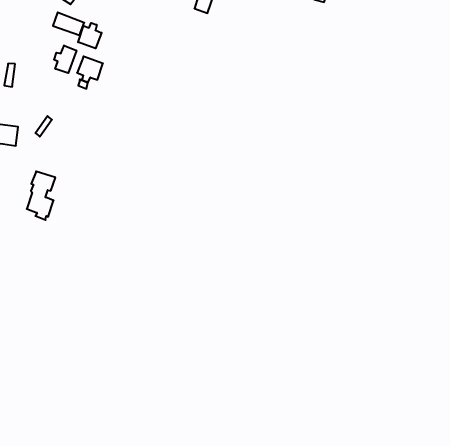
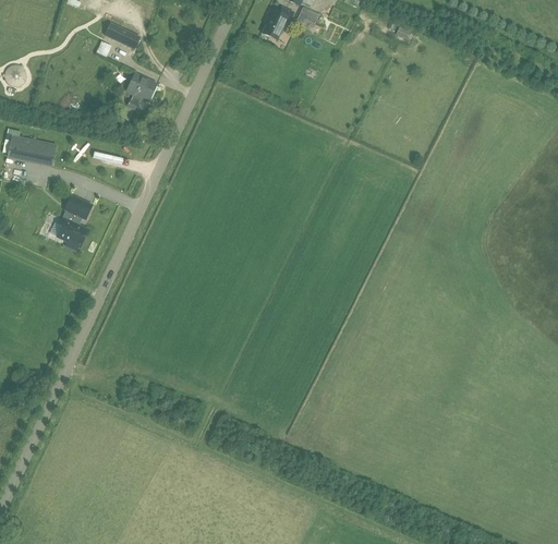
building: [78,23,102,48] -> none
building: [54,45,76,73] -> none

